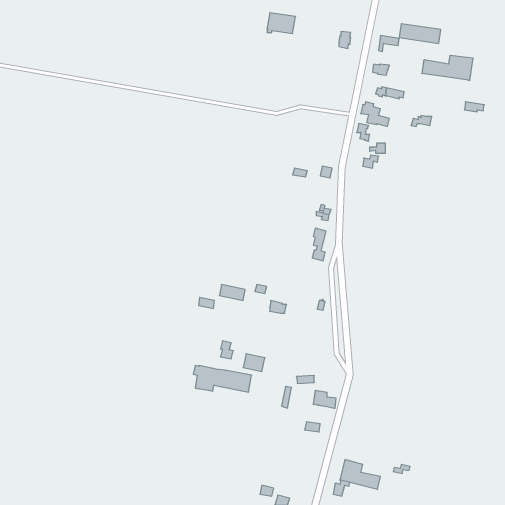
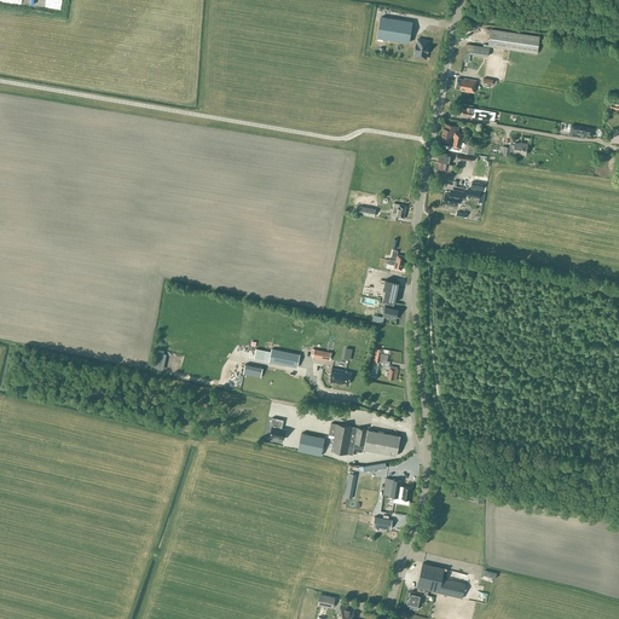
building: [267,13,296,33] -> [377,17,412,42]
building: [422,55,473,81] -> none
building: [193,365,252,392] -> [329,423,400,456]

